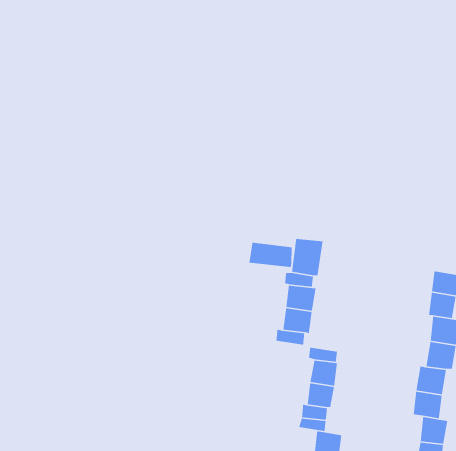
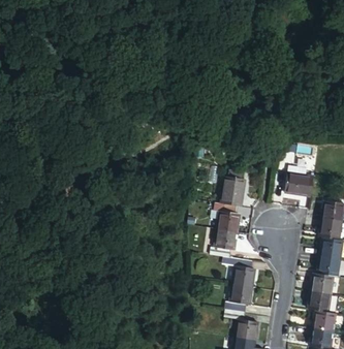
building: none -> [285,173,313,195]
building: [248,242,293,268] -> none

